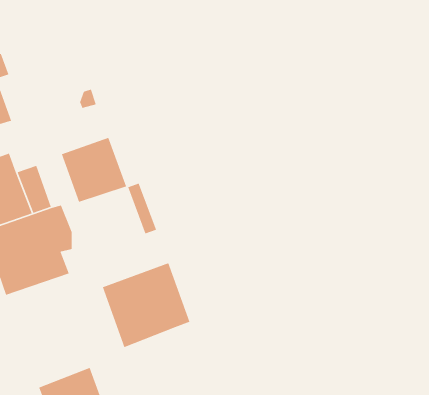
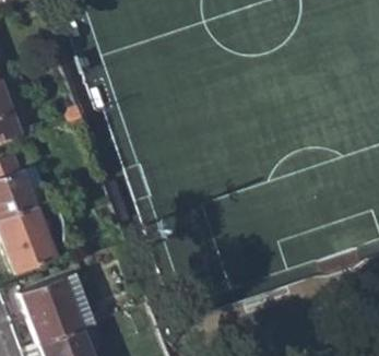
building: [61,137,127,203] -> none
building: [102,262,191,348] -> [20,276,91,345]

